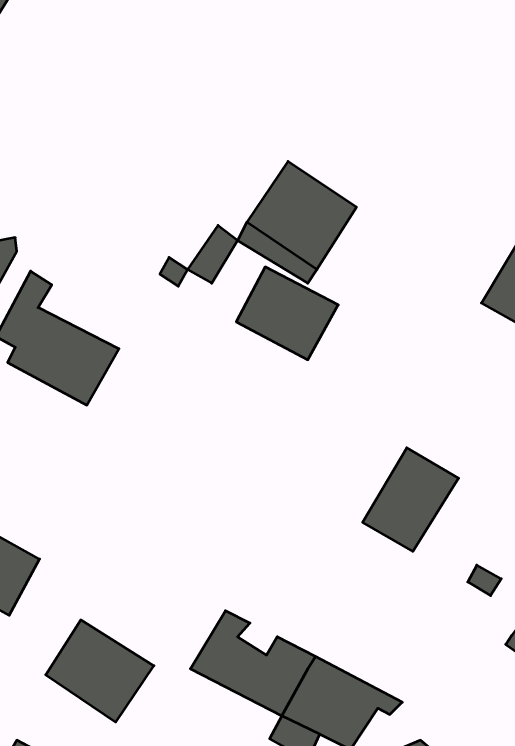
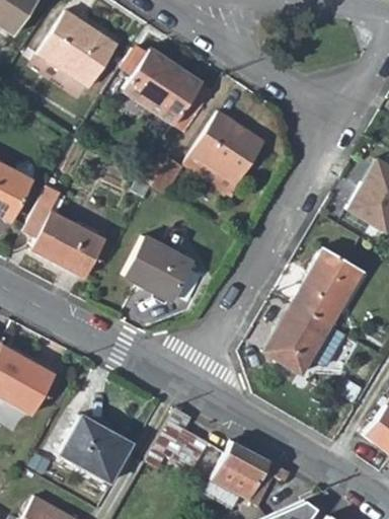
building: none -> [40,11,120,87]
building: none -> [125,50,215,134]
building: [236,267,338,360] -> [126,236,193,298]
building: none -> [294,248,364,324]

